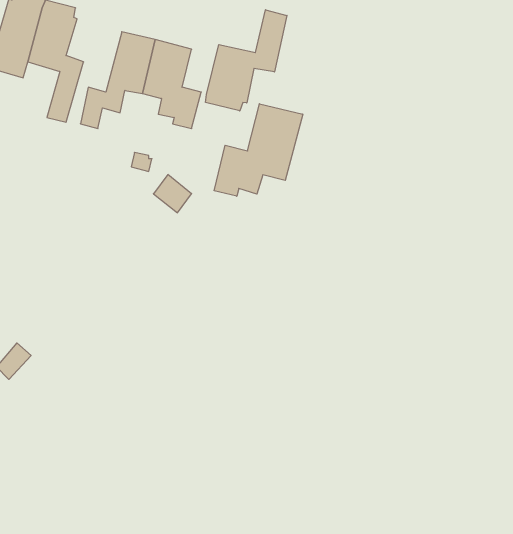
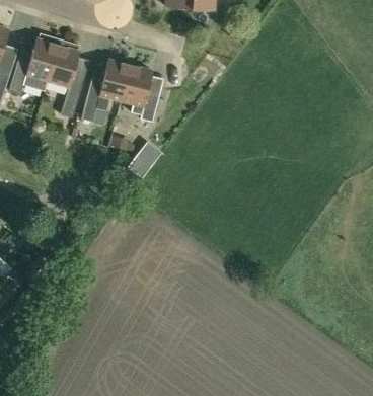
building: [206,10,287,111] -> none
building: [214,104,303,196] -> none

